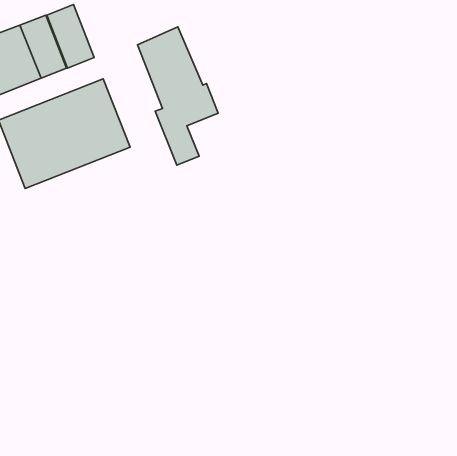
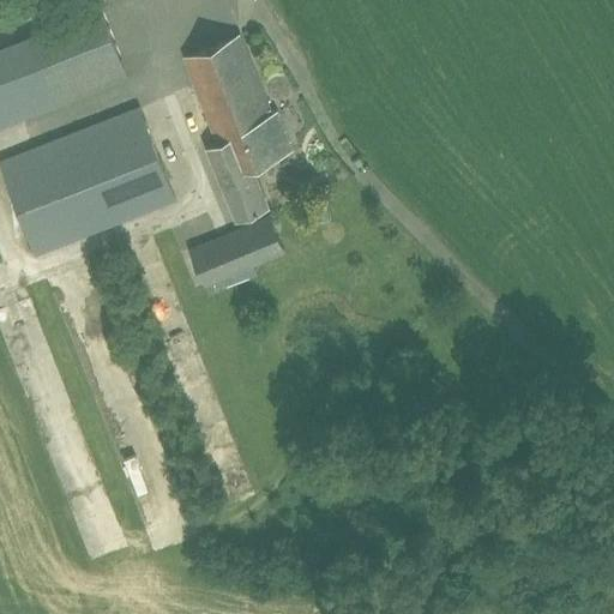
building: none -> [189,221,284,289]

